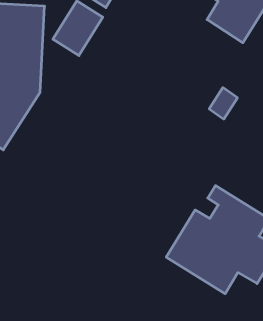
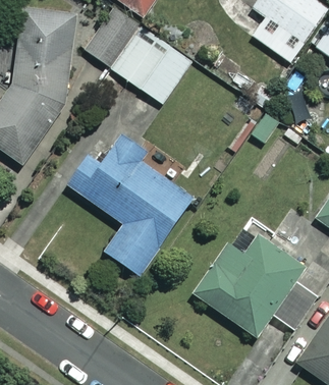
building: none -> [110,26,191,104]
building: none -> [70,132,191,275]

